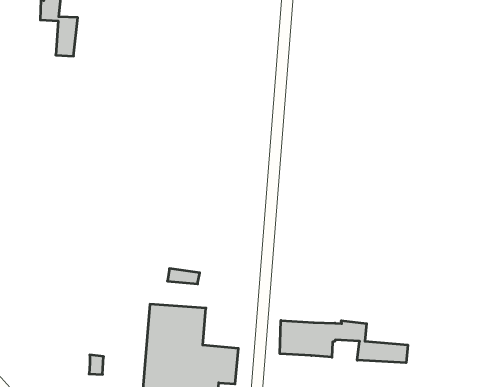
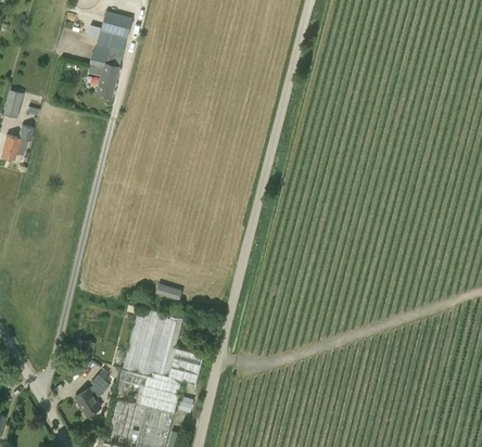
building: [280,320,408,363] -> none

